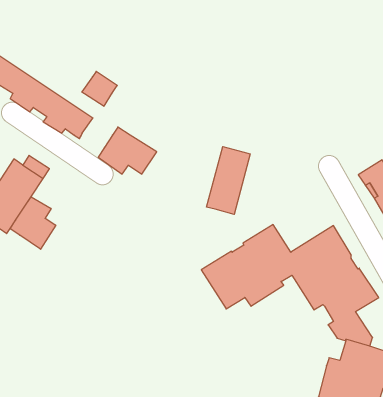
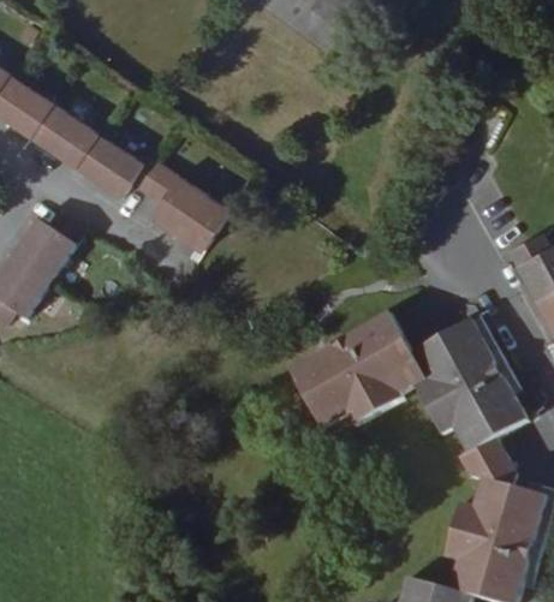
building: [82,71,117,106] -> [127,161,175,208]
building: [207,147,250,214] -> none
building: [10,197,56,249] -> none

